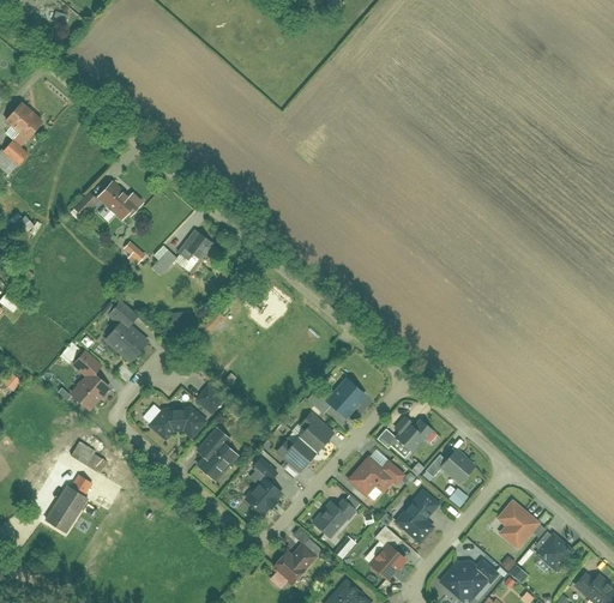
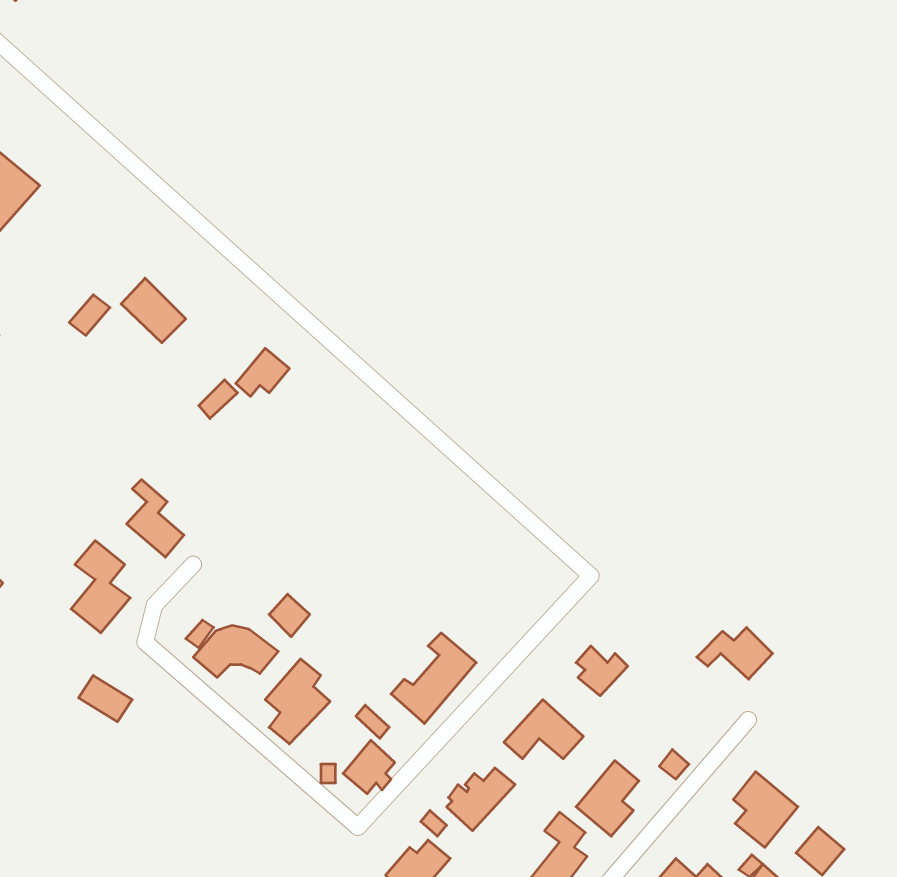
building: [313,378,368,417] -> none
building: [426,451,475,484] -> [697,627,773,679]
building: [43,474,90,527] -> none

